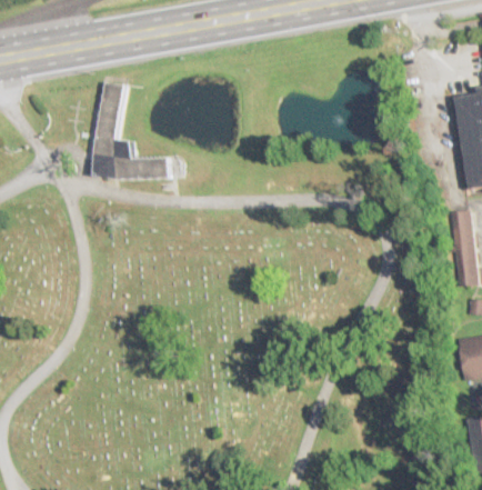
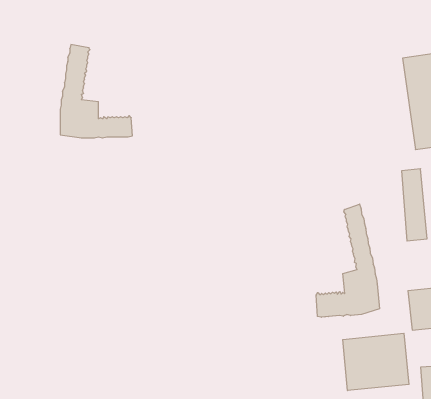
building: none -> [316,204,380,317]
building: none -> [343,333,409,391]

